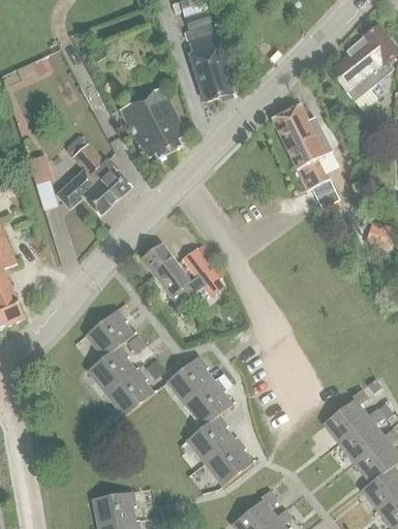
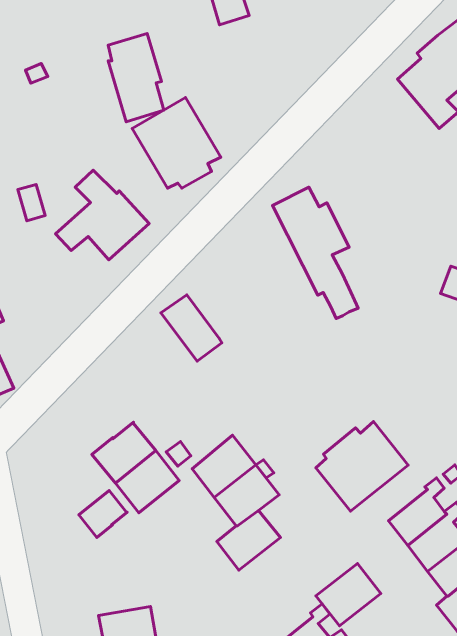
building: [189,32,234,102] -> [108,33,164,122]
building: [271,103,339,208] -> [272,187,358,318]
building: [171,248,224,306] -> none
building: [85,308,136,357] -> none
building: none -> [316,422,408,511]
building: none -> [79,491,127,538]
building: [204,436,255,486] -> [316,564,381,626]

